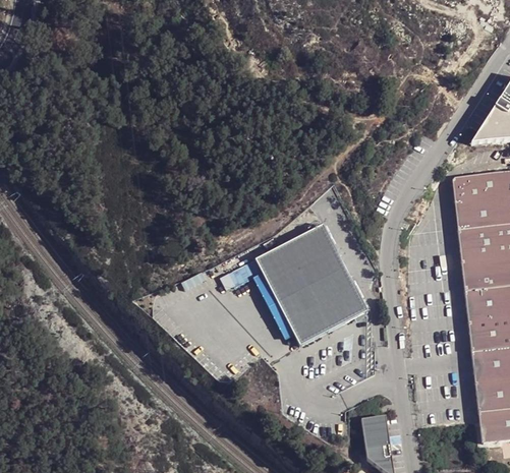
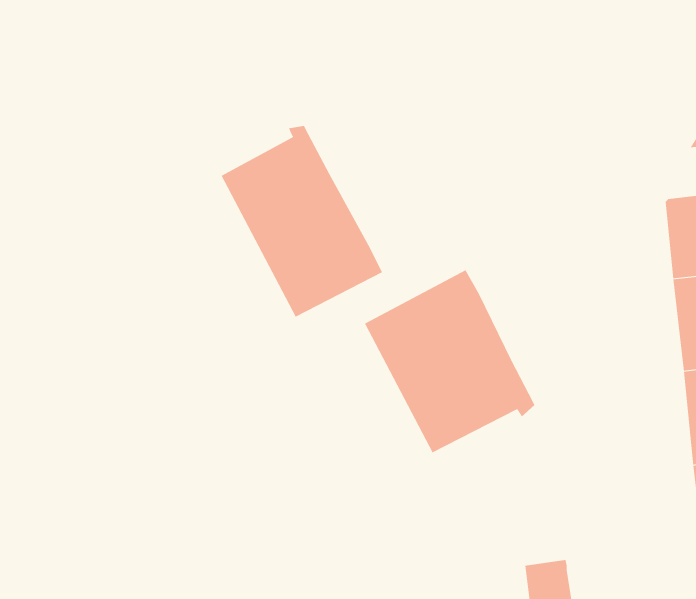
building: none -> [221,125,383,318]

